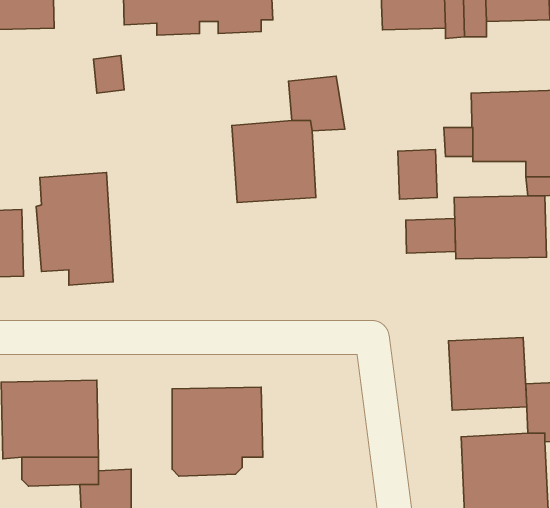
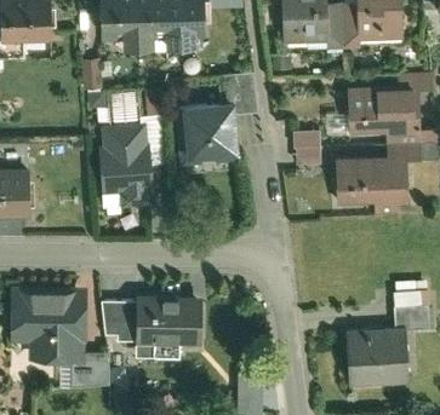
building: [36,172,113,285] -> [98,126,153,206]
building: [406,219,456,253] -> none
building: [448,337,527,410] -> none
building: none -> [102,304,136,342]

